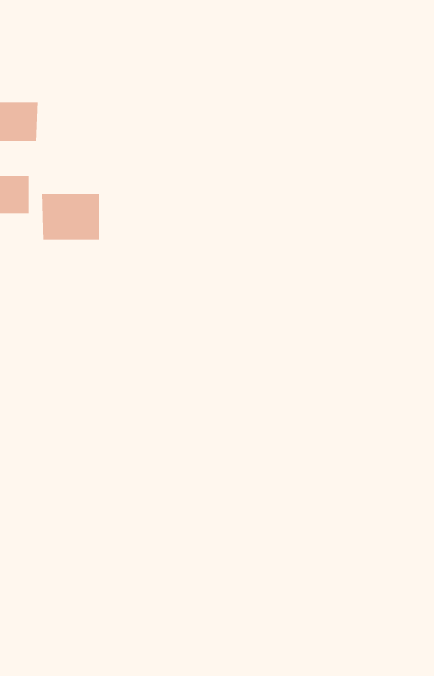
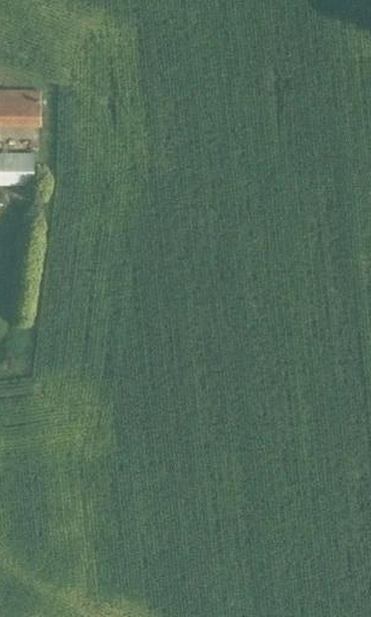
building: [41,193,99,240] -> none

